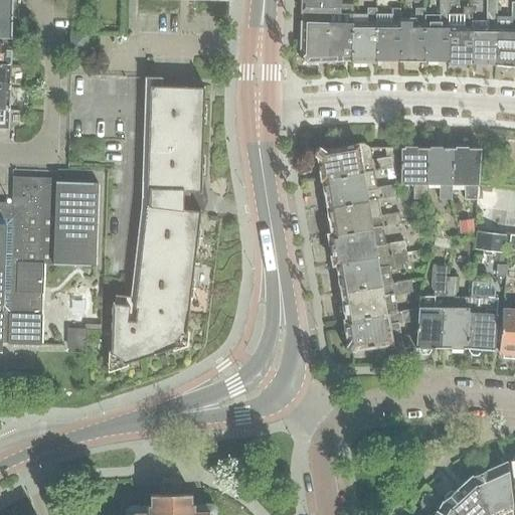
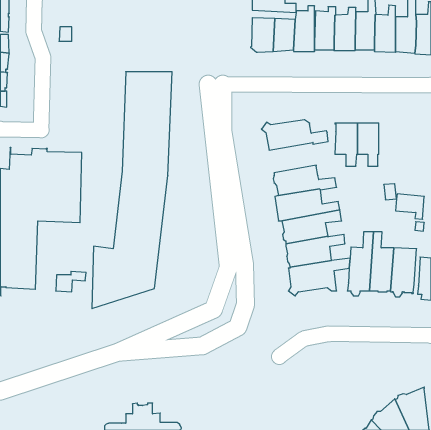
building: [452,147,480,198] -> none
building: [321,170,396,206] -> none

